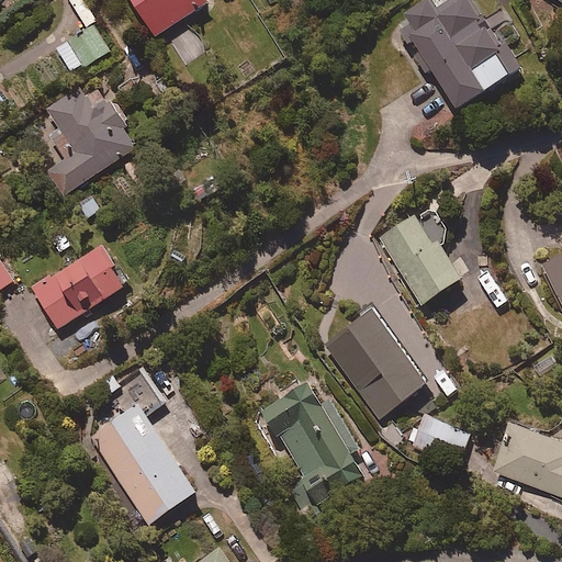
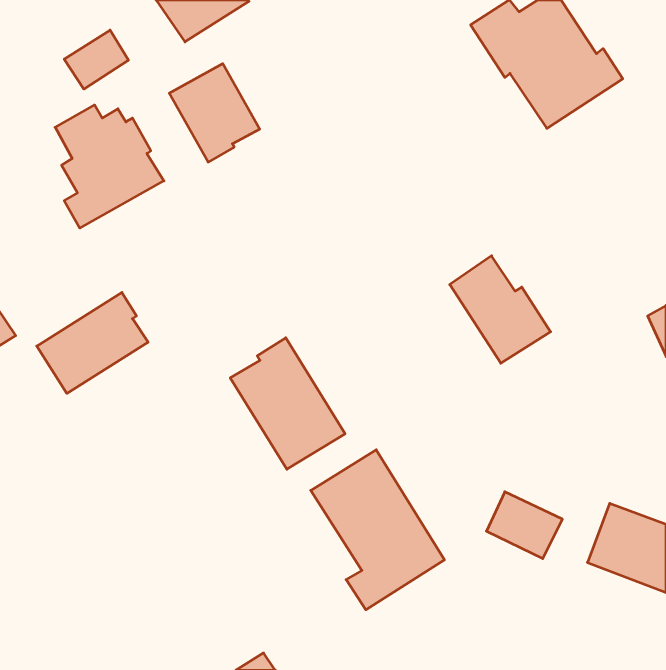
building: none -> [169,64,260,162]
building: none -> [230,338,345,469]
building: [323,308,427,419] -> none
building: [71,368,196,525] -> none

